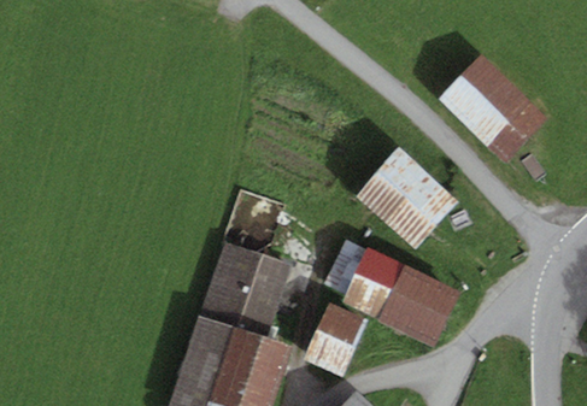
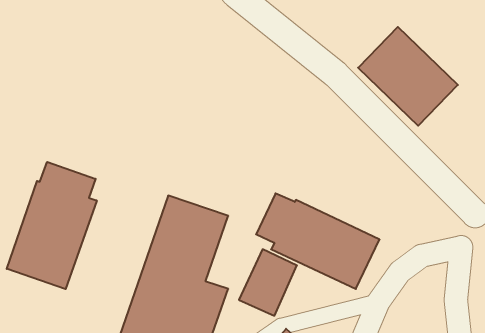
building: [354,147,458,249] -> none
building: none -> [7,162,97,289]

